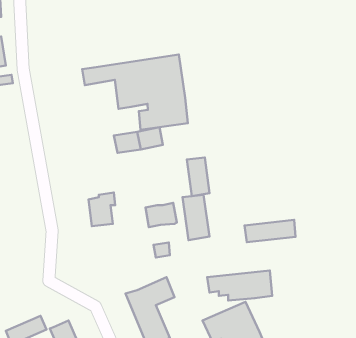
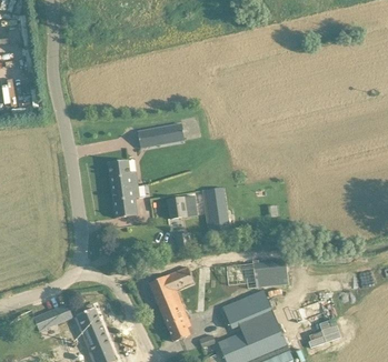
building: [82,55,188,130] -> none
building: [187,158,210,196] -> none
building: none -> [108,159,137,191]
building: [244,220,295,242] -> none

